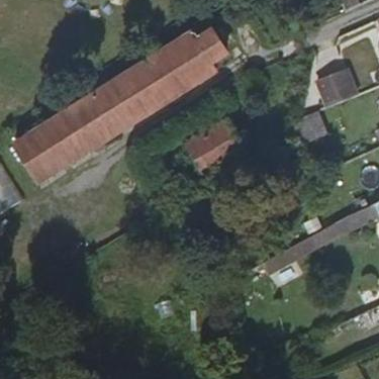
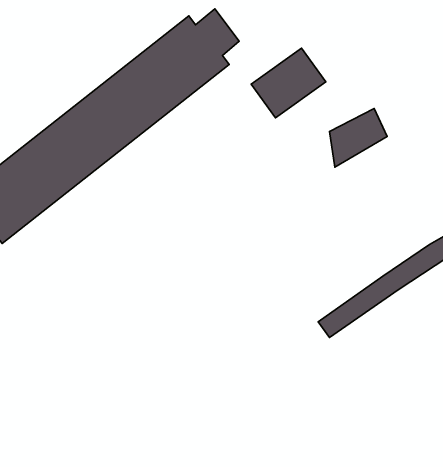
building: [317,71,357,105] -> none
building: [188,120,243,169] -> [251,48,326,118]

